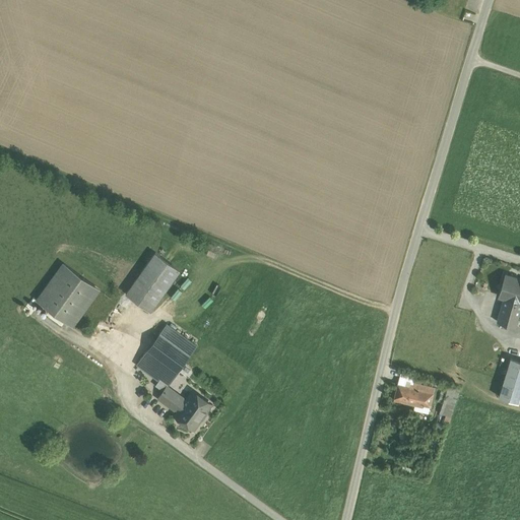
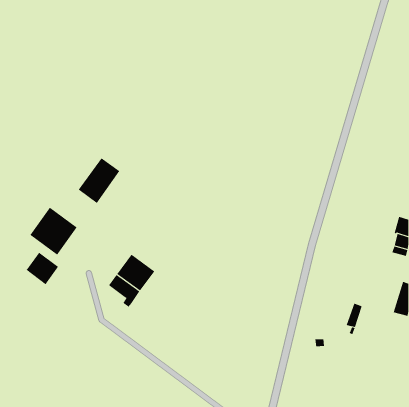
building: [126,254,180,313] -> [78,157,120,204]
building: none -> [26,252,59,285]
building: [394,384,434,408] -> none
building: [158,388,210,430] -> none

